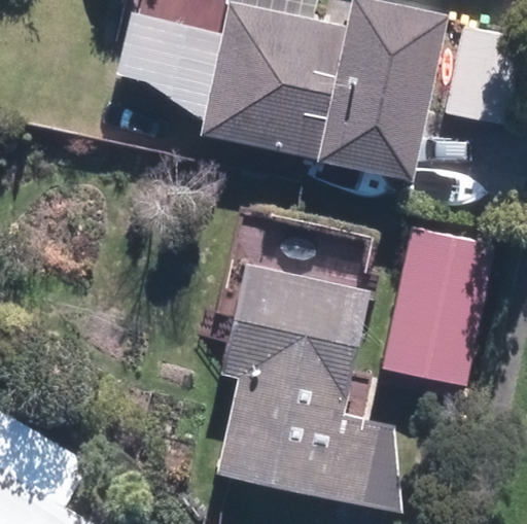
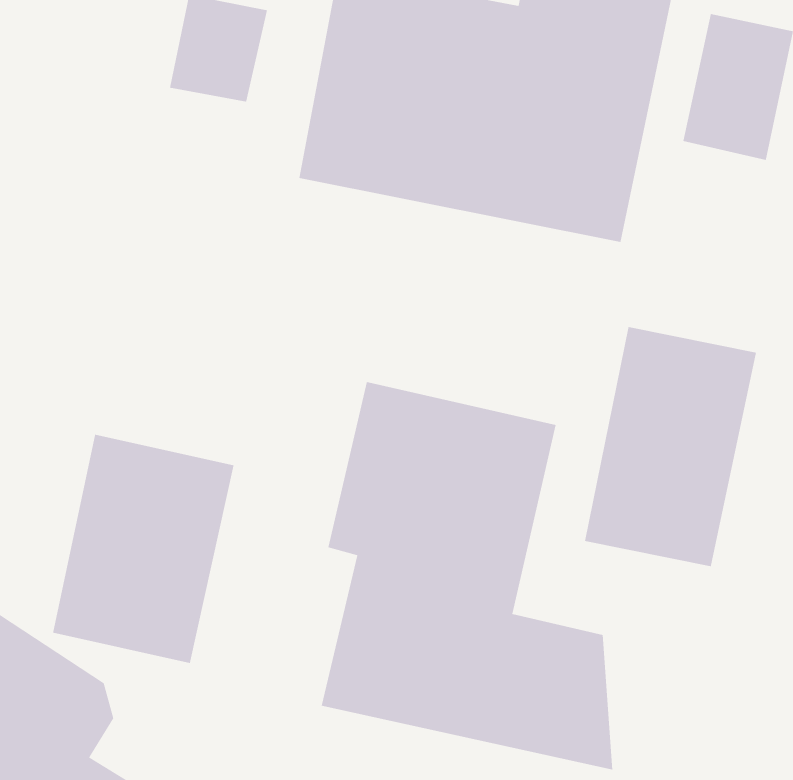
building: none -> [52,434,234,664]

